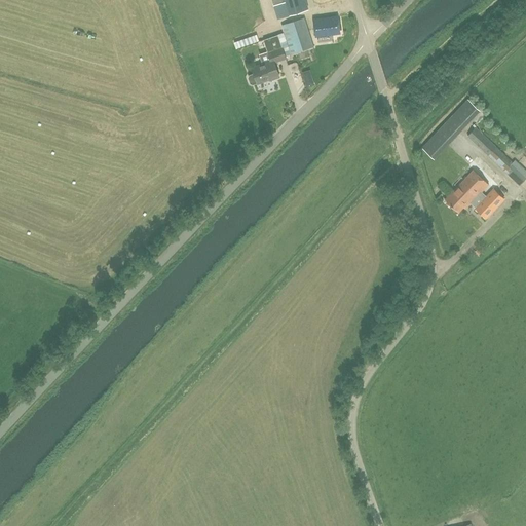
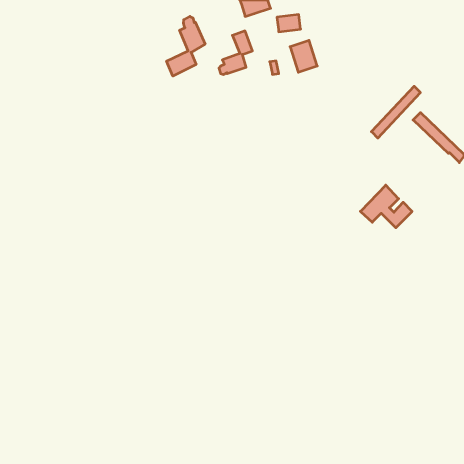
building: [281,18,312,54] -> [290,40,317,72]
building: none -> [167,16,205,76]
building: [445,170,503,218] -> [360,185,412,228]

